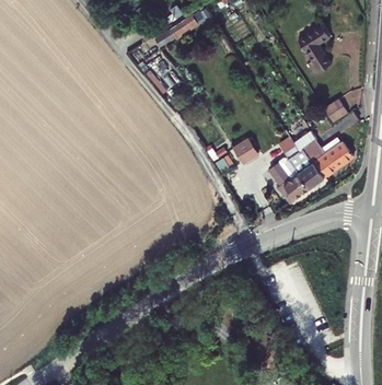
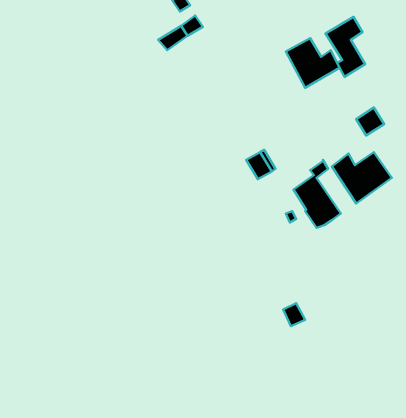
building: none -> [286,38,339,88]
building: [289,129,323,190] -> none

